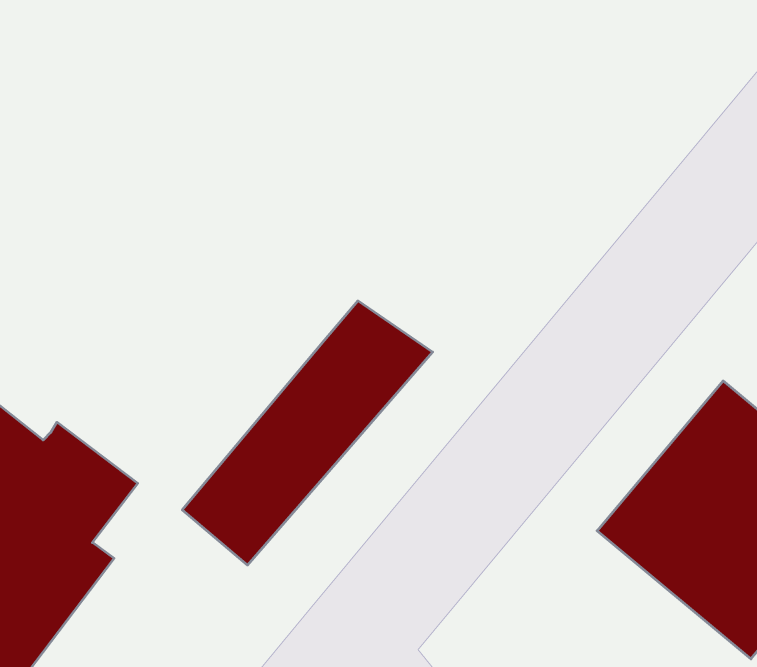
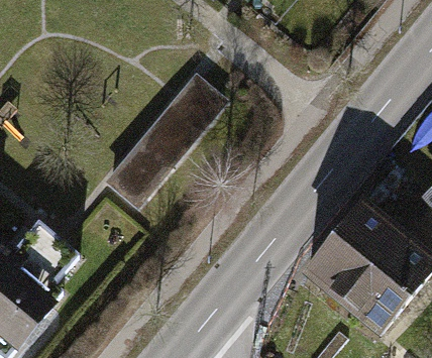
building: [182,301,433,565] -> [101,71,229,206]

